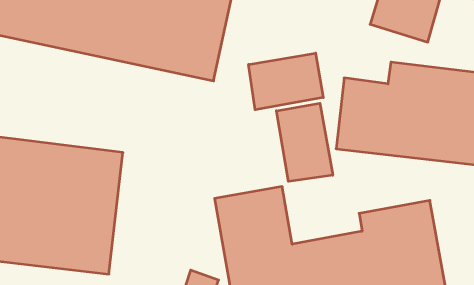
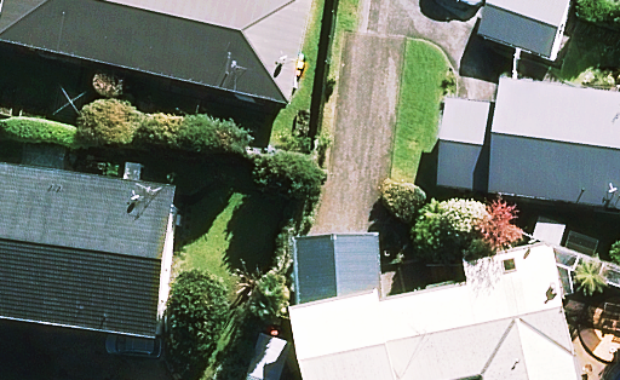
building: [249,53,323,110] -> none
building: [276,103,333,181] -> none

